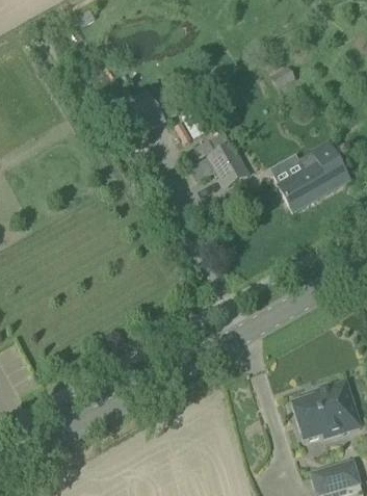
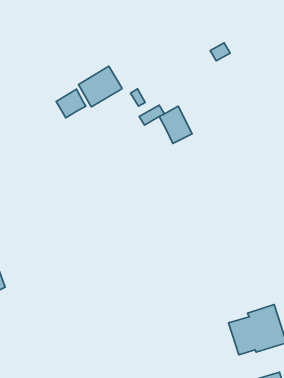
building: none -> [56,89,86,118]
building: [277,140,349,210] -> none

